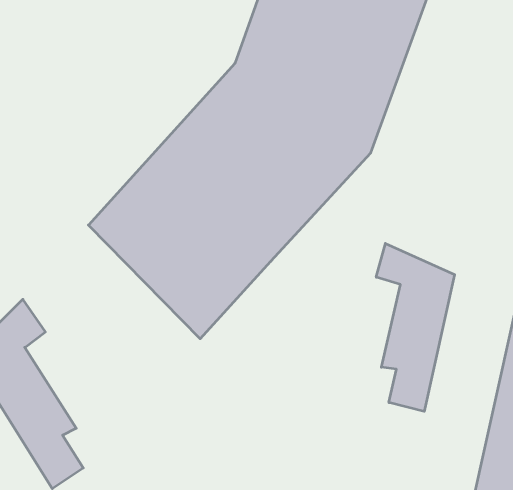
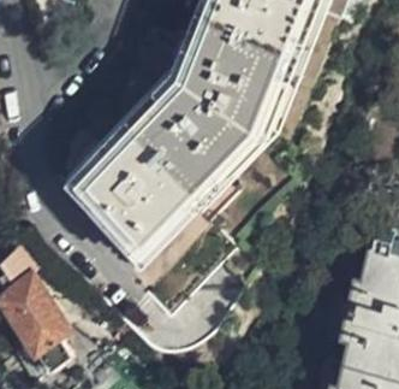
building: [376,243,455,411] -> none

